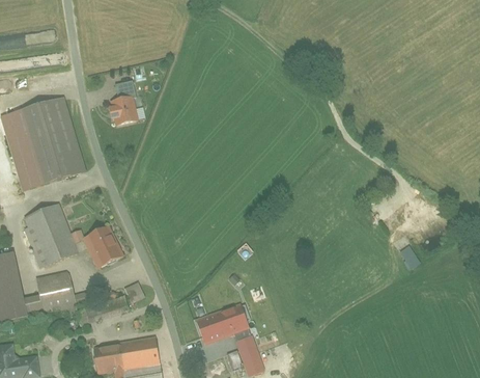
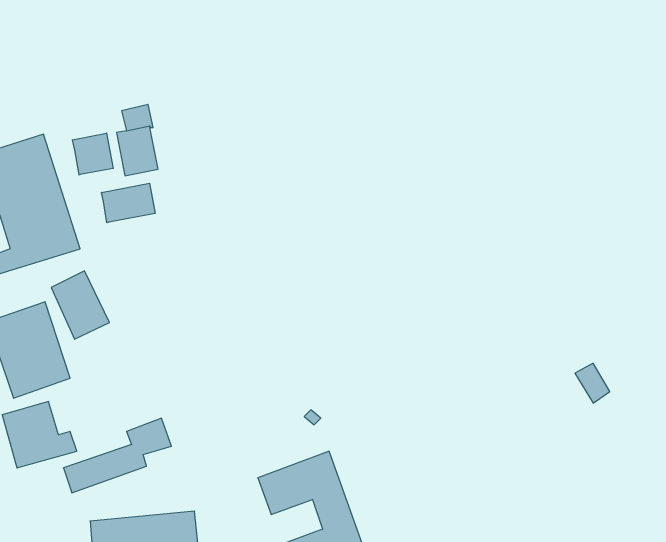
building: none -> [72,133,113,175]
building: none -> [101,183,155,223]
building: [87,228,123,271] -> [51,271,109,339]

